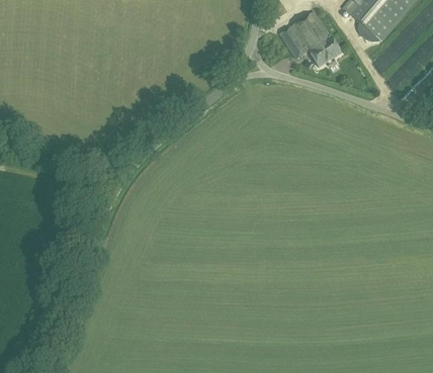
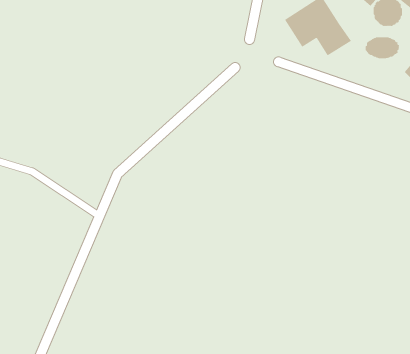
building: none -> [365,36,399,59]

